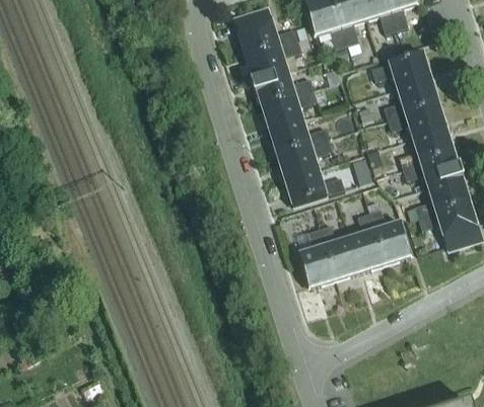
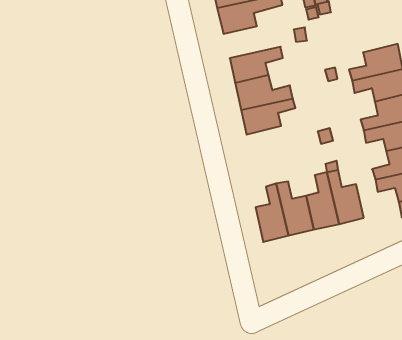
building: [372,53,431,88] -> none
building: [254,69,313,103] -> none
building: [284,168,343,204] -> none

